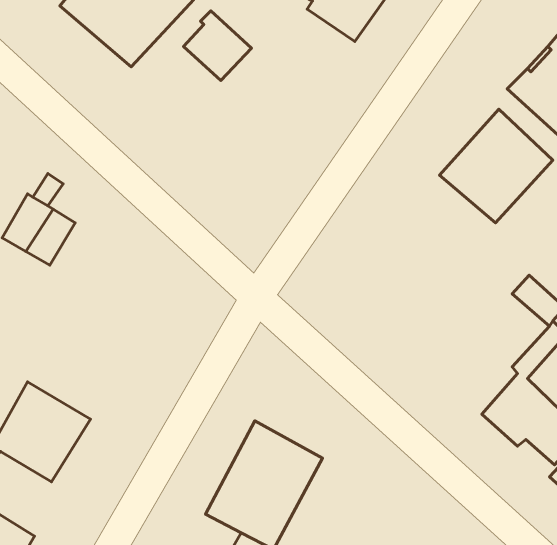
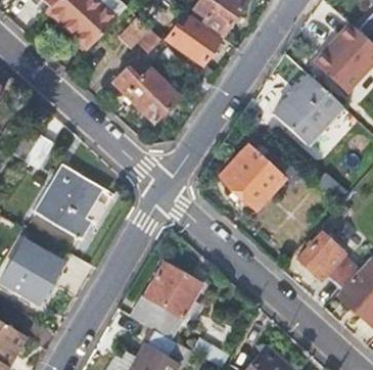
building: none -> [166,17,219,63]
building: none -> [111,59,177,121]
building: none -> [221,145,287,211]
building: none -> [35,165,104,237]

